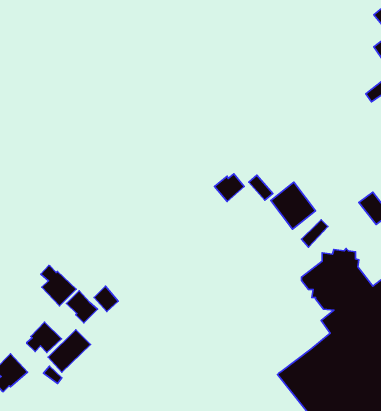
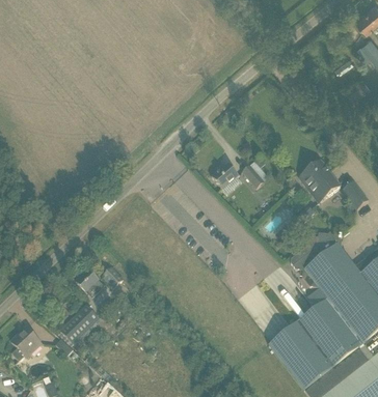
building: [271,182,316,229] -> [299,159,340,201]
building: [41,266,76,306] -> none
building: [27,322,61,352] -> none

